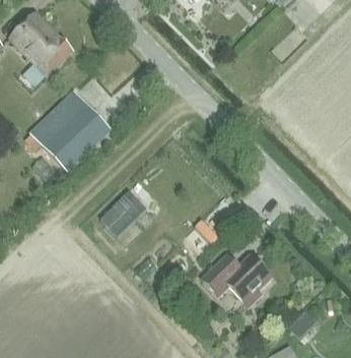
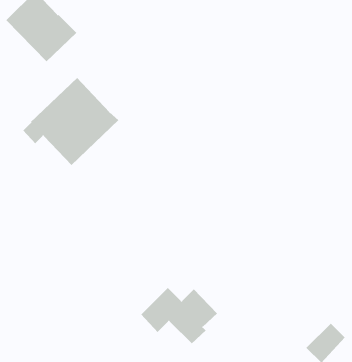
building: [99,190,146,236] -> none
building: [202,254,271,305] -> [141,287,218,344]

